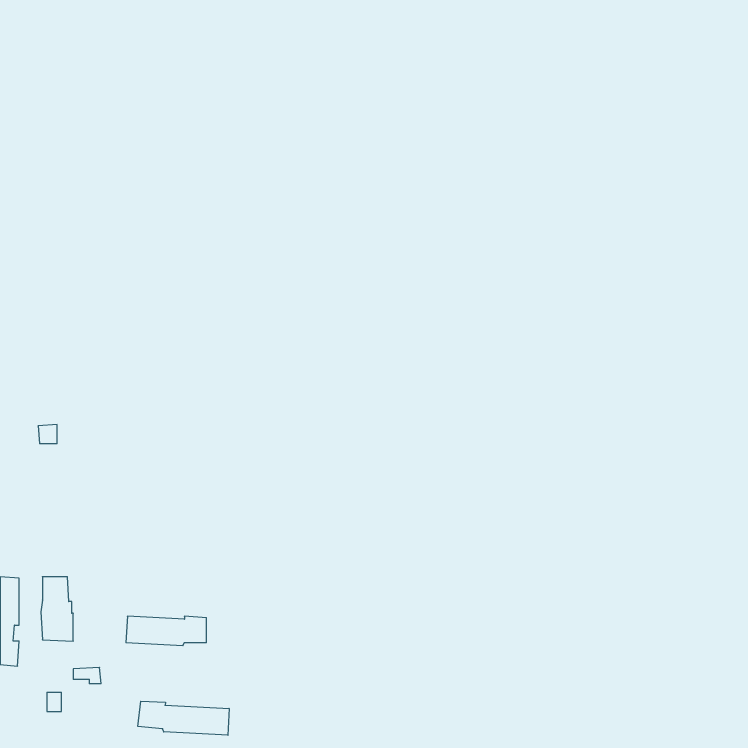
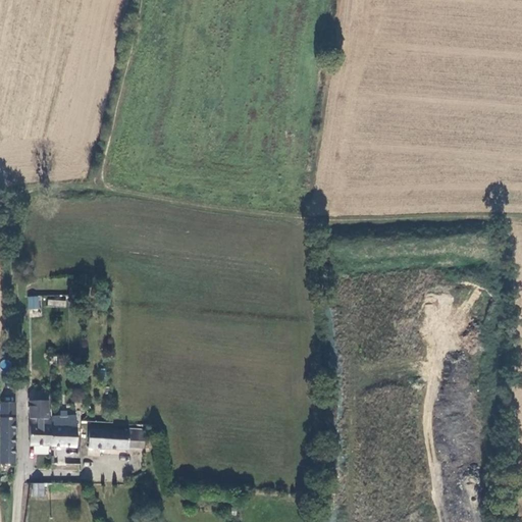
building: none -> [51,415,77,447]
building: [138,701,229,735] -> none

